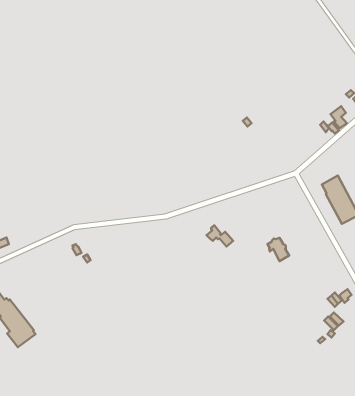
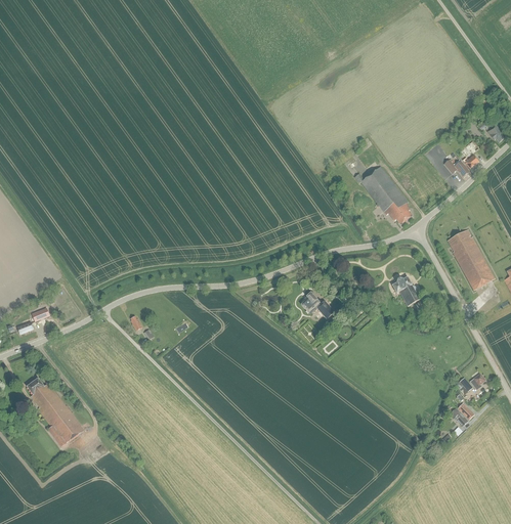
building: none -> [353,166,413,224]
building: [267,238,289,261] -> [391,276,419,306]

